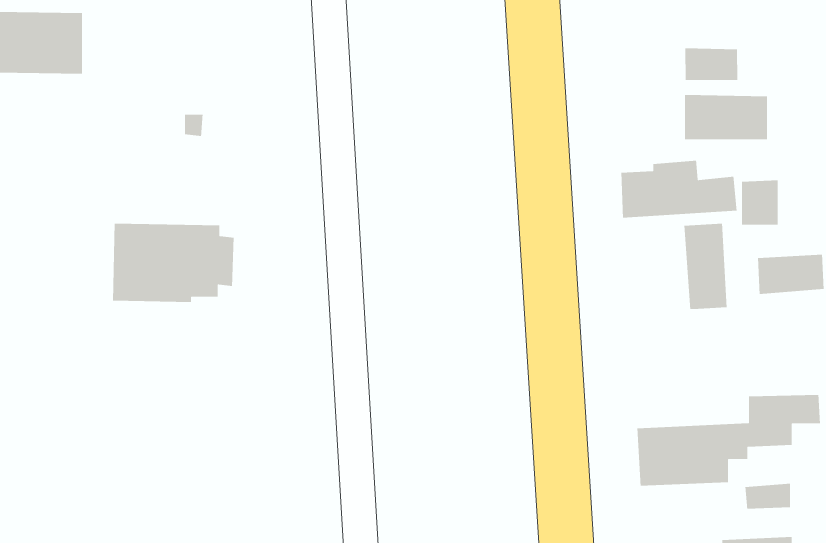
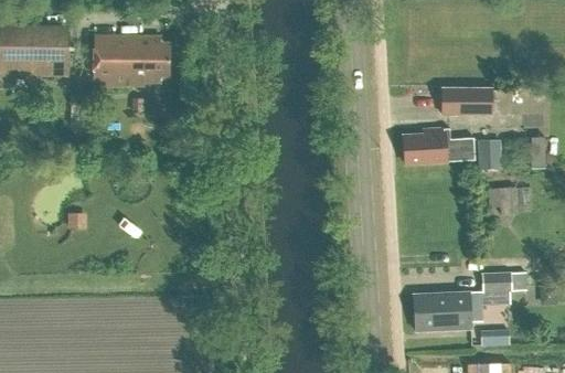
building: [685,47,738,81] -> none
building: [684,223,727,310] -> none
building: [112,223,234,303] -> [93,35,169,85]

